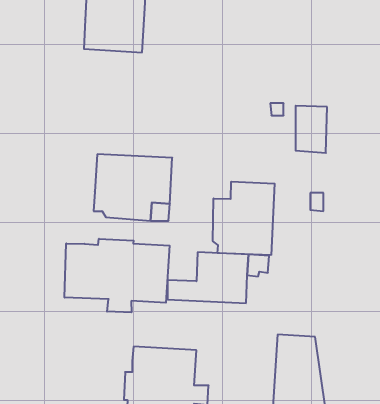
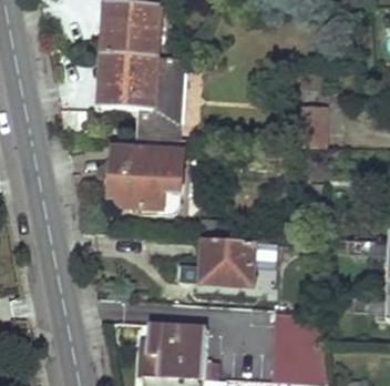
building: none -> [96,51,183,138]
building: [213,182,275,255] -> none
building: [65,239,170,312] -> none

